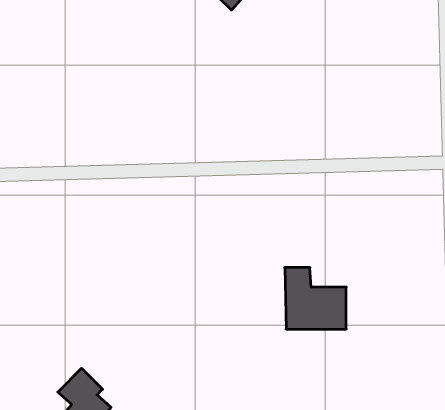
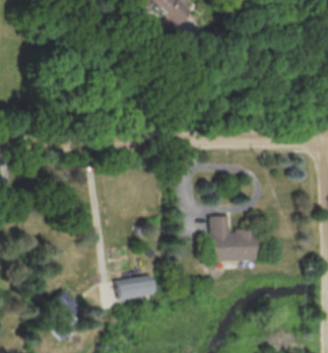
building: none -> [115,276,152,299]

